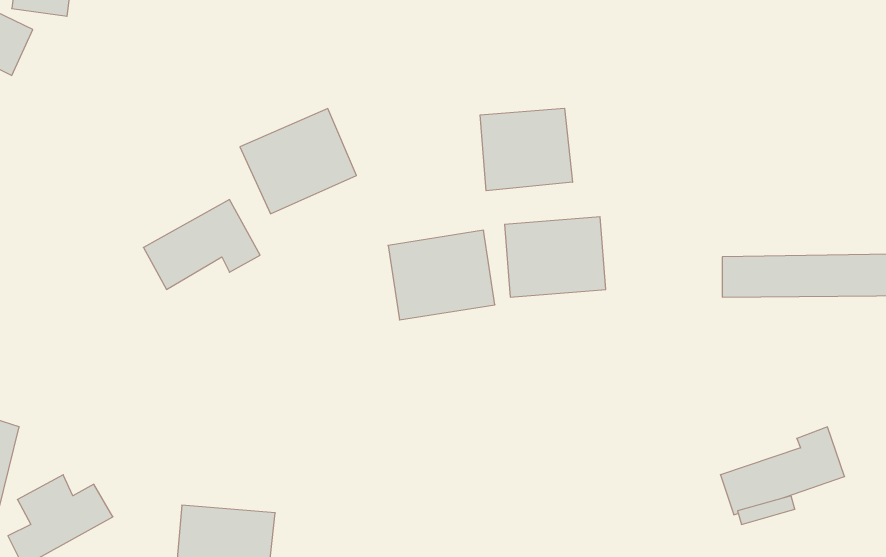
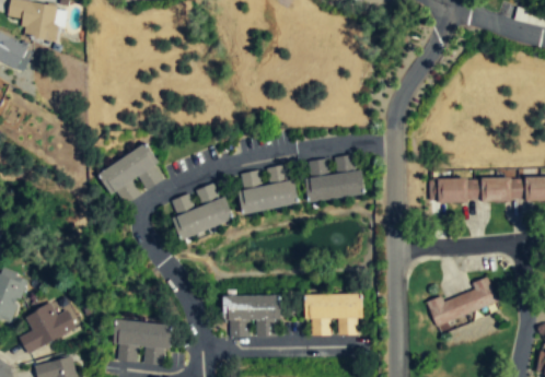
building: [480,108,573,191] -> none
building: [240,109,356,214] -> [167,181,234,241]
building: none -> [305,294,361,334]
building: none -> [224,295,280,335]

